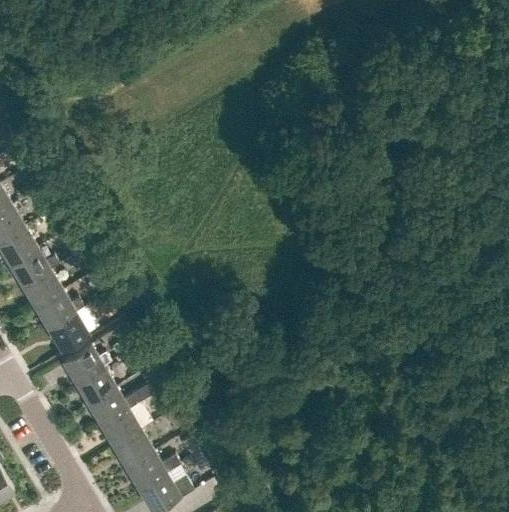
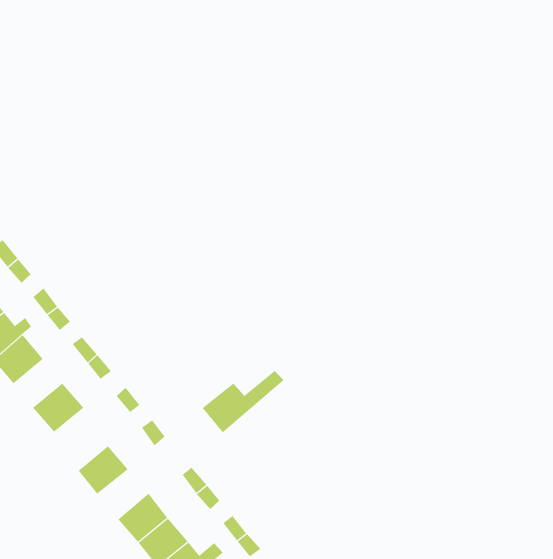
building: [35,291,82,328] -> none
building: [62,345,109,383] -> none
building: [87,383,155,426] -> [202,370,284,433]

